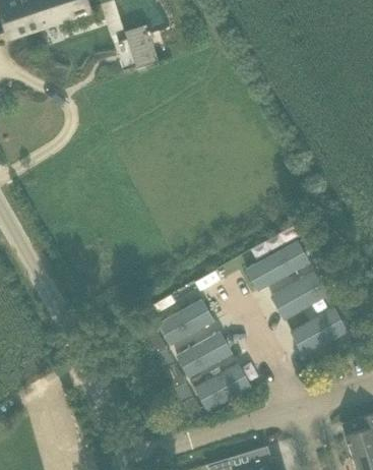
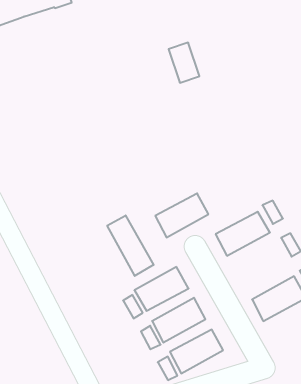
building: [126,22,160,66] -> [169,43,199,83]
building: none -> [107,215,154,276]
building: [267,273,325,320] -> [155,193,208,237]

